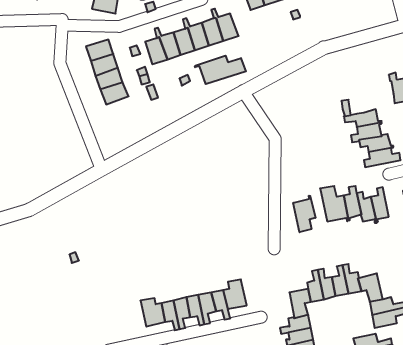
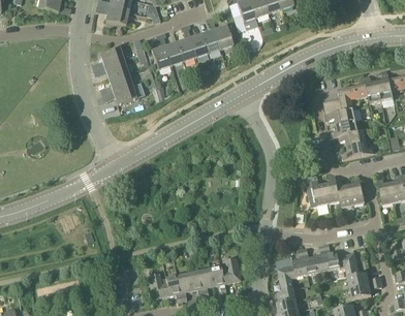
building: [195,56,246,84] -> none
building: none -> [338,83,369,110]
building: [293,196,315,232] -> none

